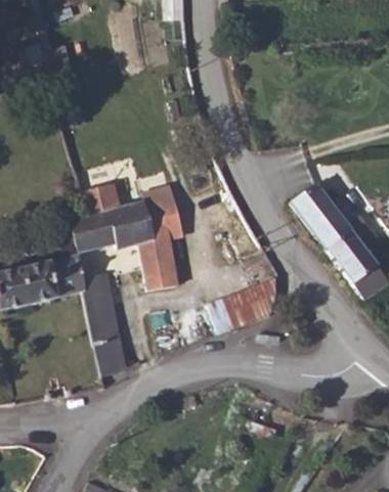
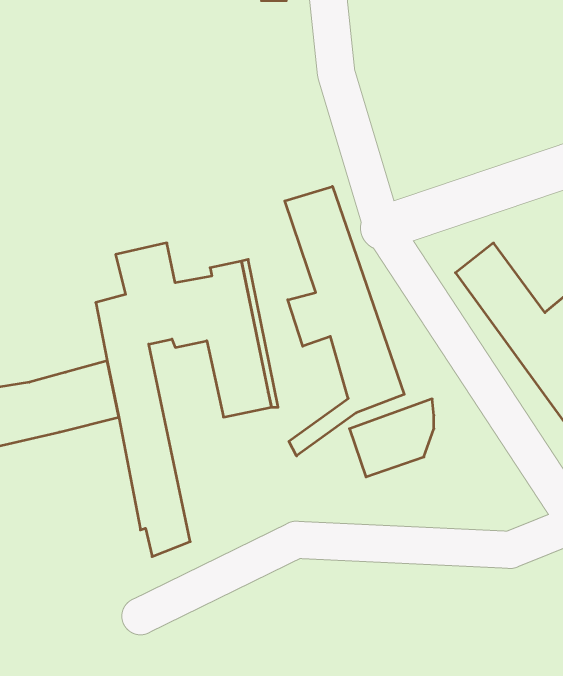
building: none -> [285,186,404,456]

